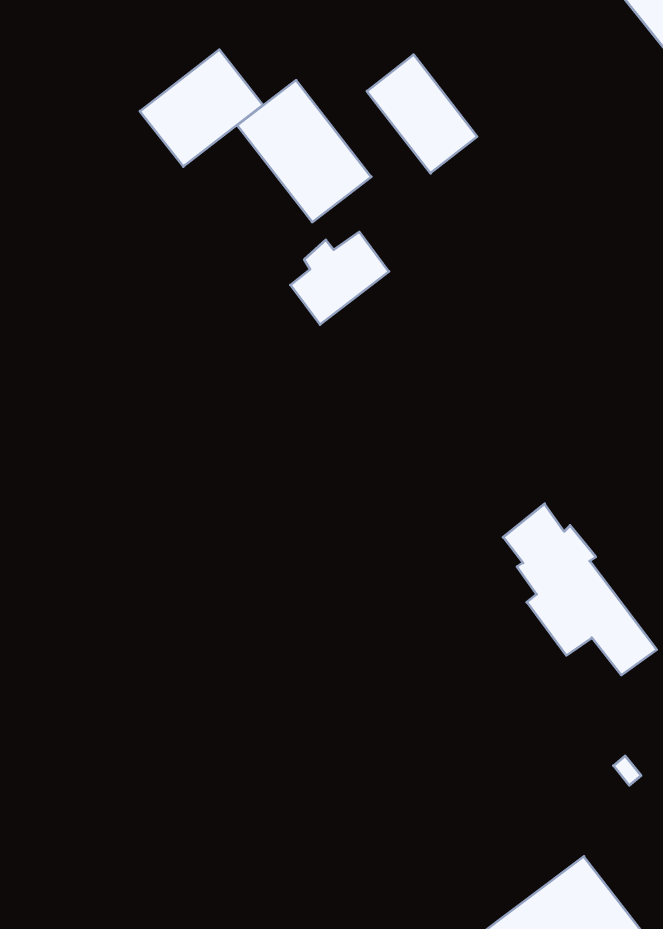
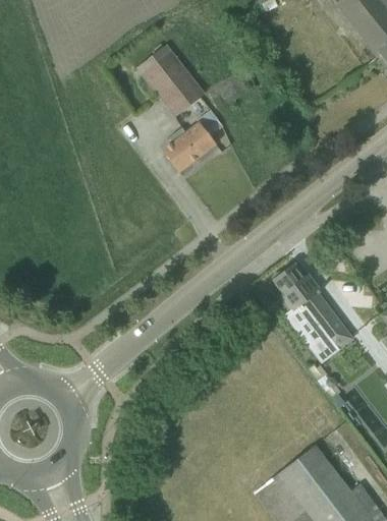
building: [140,50,263,167] -> none
building: [367,55,477,173] -> none

